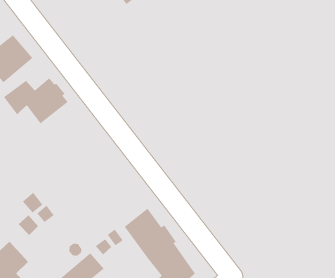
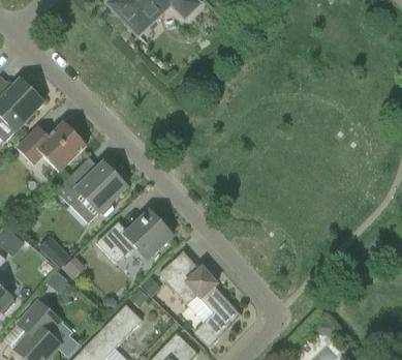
building: none -> [55,161,127,215]
building: none -> [96,210,173,262]

